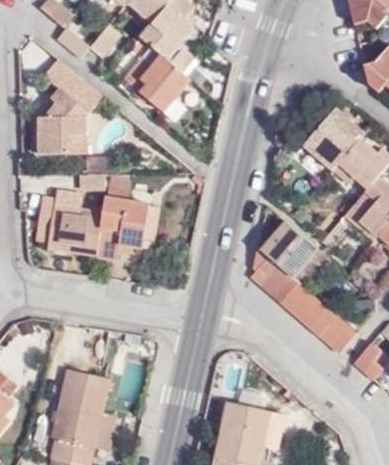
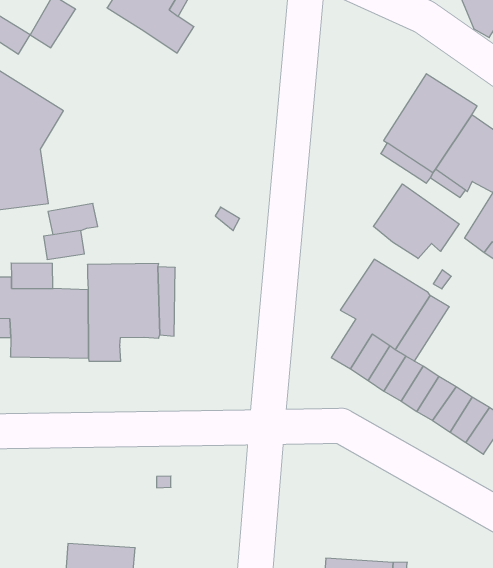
building: [124,54,190,111] -> none
building: none -> [373,184,459,259]

